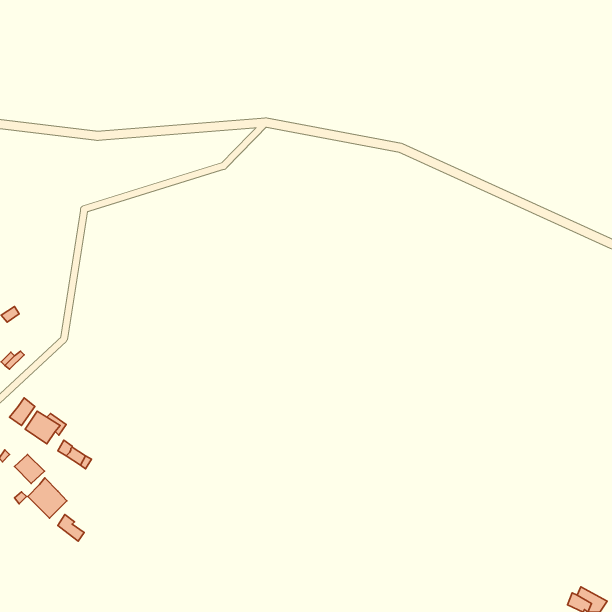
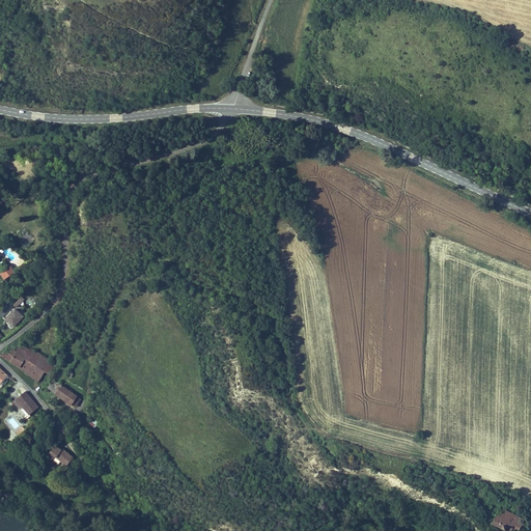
building: [28,478,67,518] -> none

